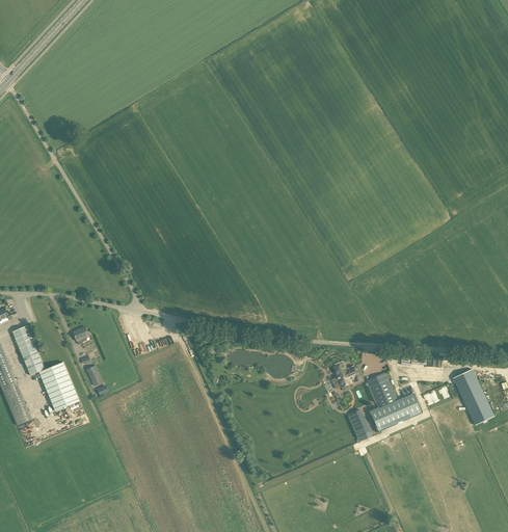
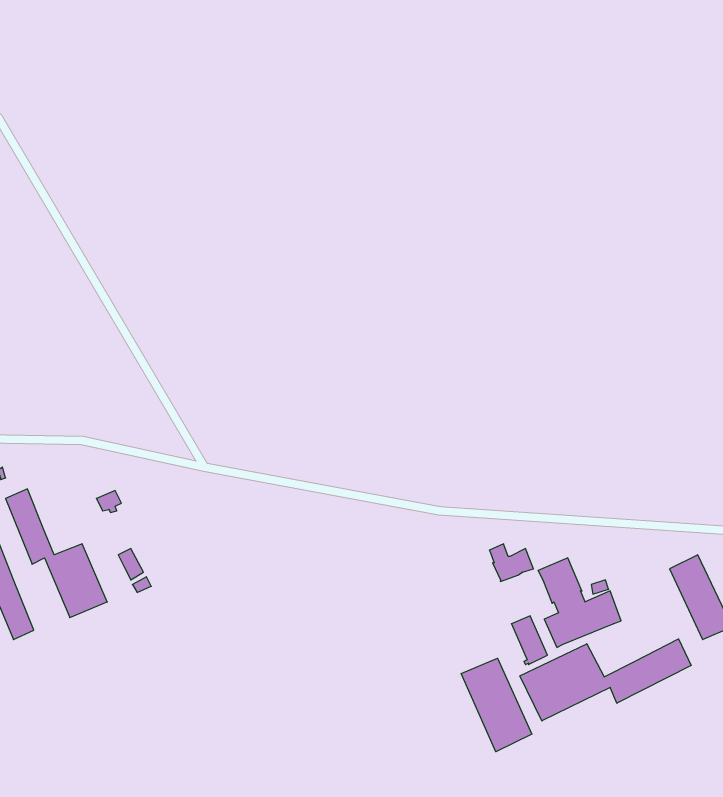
building: none -> [520,639,691,721]
building: none -> [461,658,532,752]

